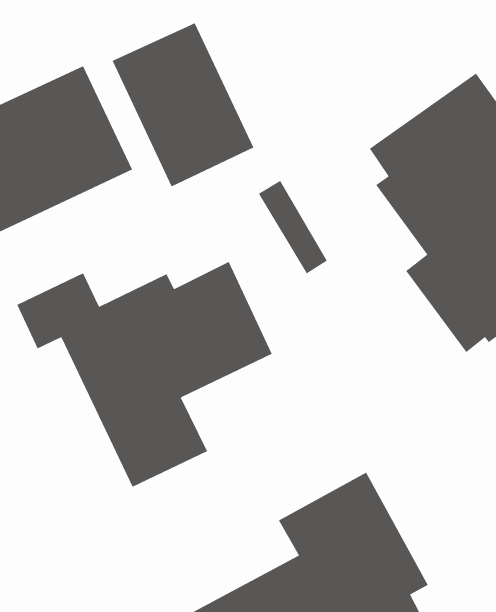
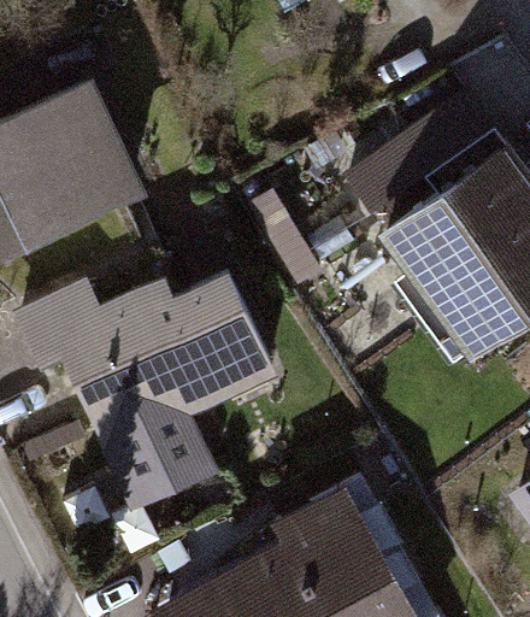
building: [112,22,255,188] -> none

